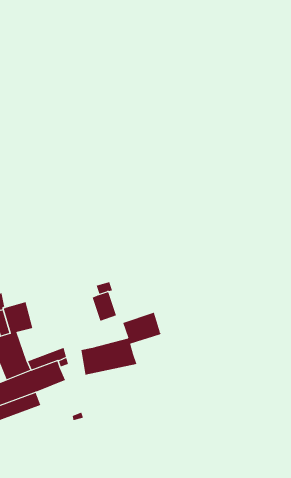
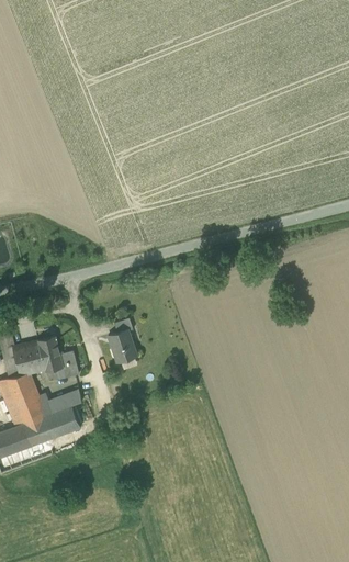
building: none -> [36,335,78,379]
building: [81,312,162,375] -> none

